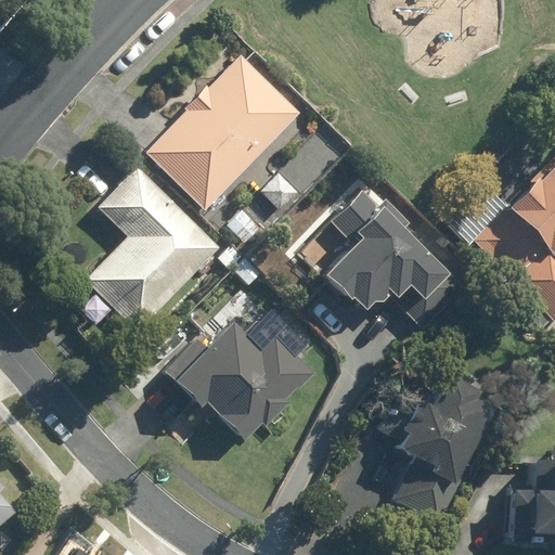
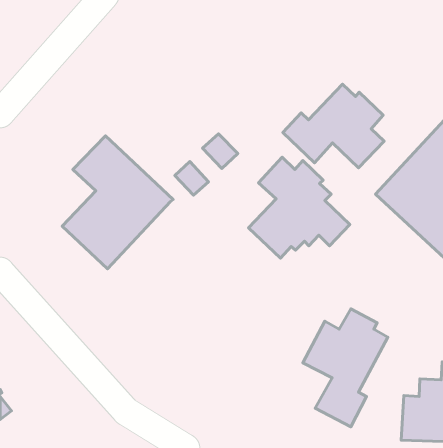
building: [147,53,304,209] -> none
building: none -> [283,84,384,168]
building: [167,323,311,442] -> none

